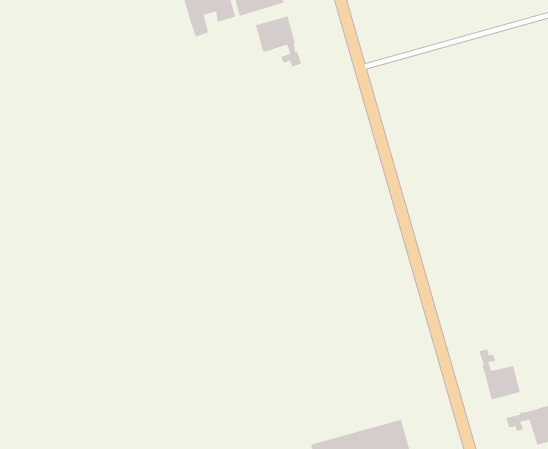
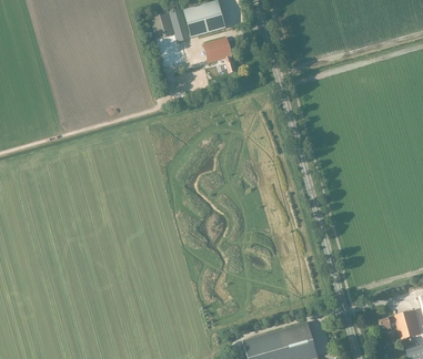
building: [478,348,521,401] -> none

